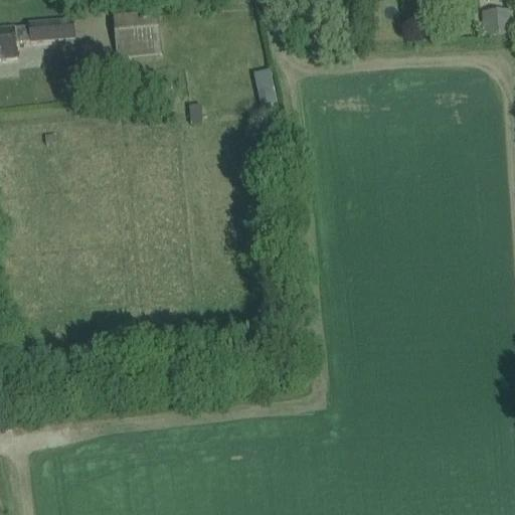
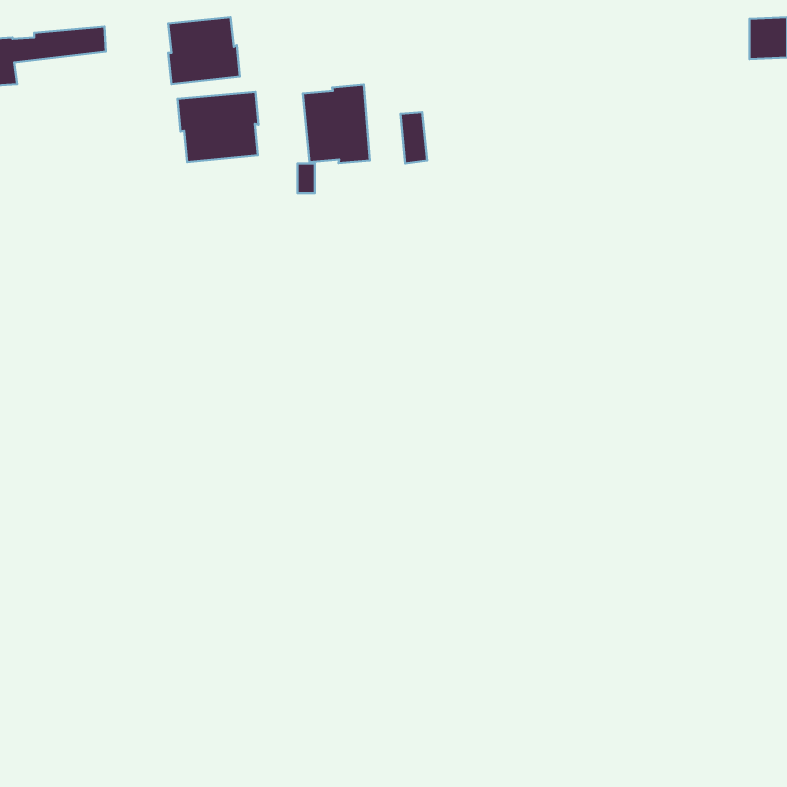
building: none -> [303,84,370,163]
building: none -> [177,92,259,162]

